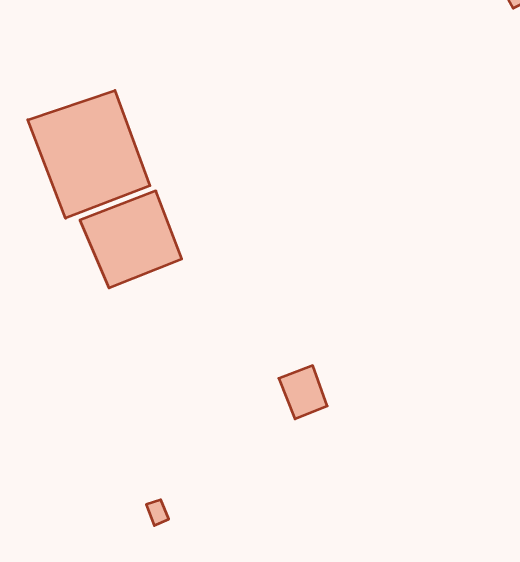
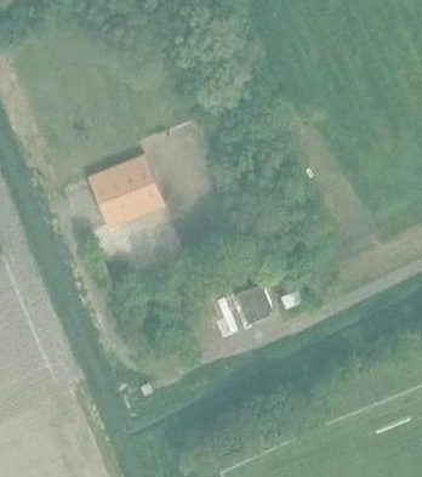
building: [28,90,150,218] -> none

